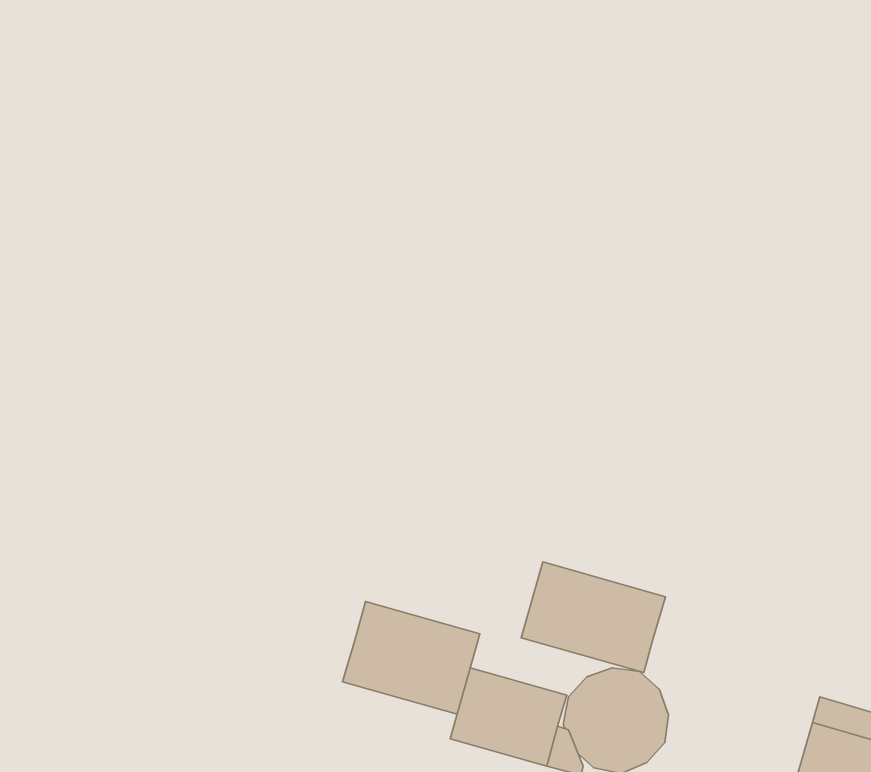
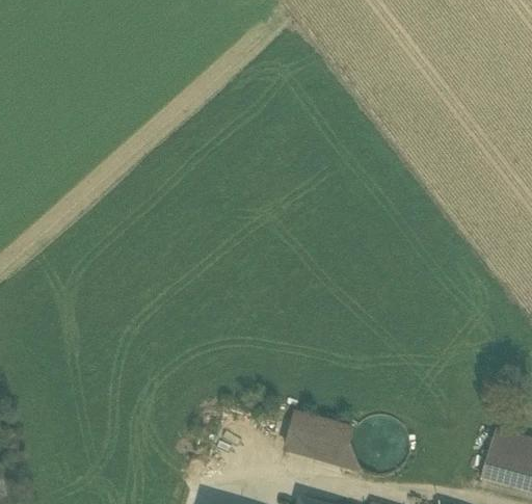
building: [521,562,666,673] -> none
building: [343,602,480,714] -> none

